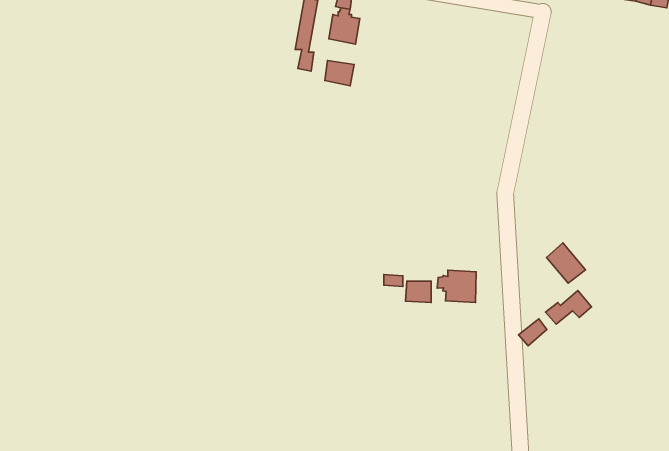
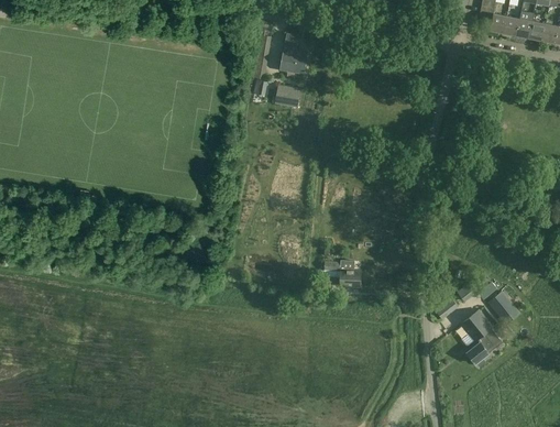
building: [547,243,586,283] -> [490,291,521,324]
building: [437,270,476,303] -> none
building: none -> [462,309,494,363]

